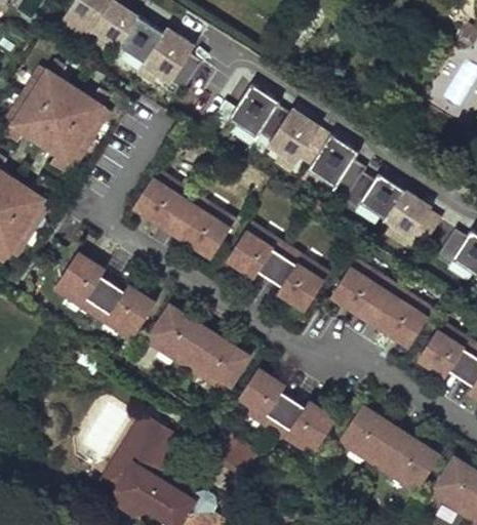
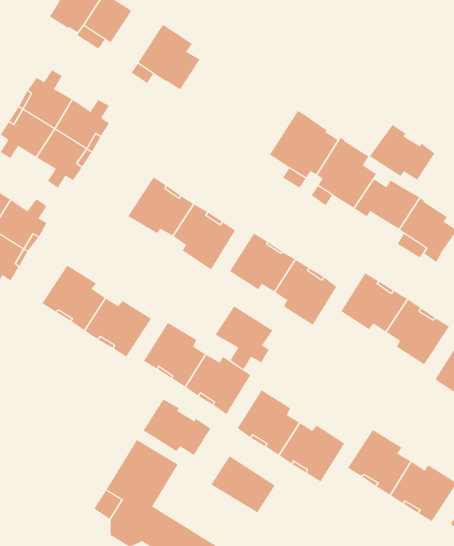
building: [118,16,163,63] -> none
building: [225,83,291,146] -> none
building: none -> [369,124,435,180]
building: none -> [215,306,273,370]
building: none -> [143,399,211,456]

